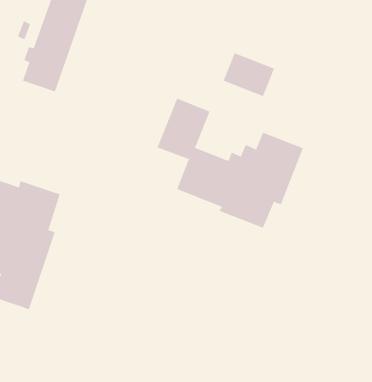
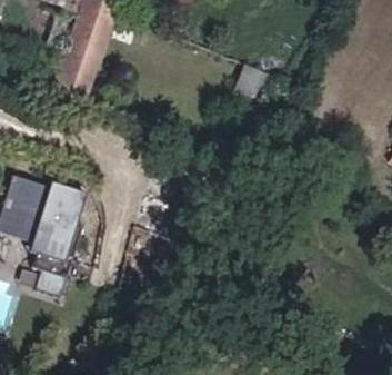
building: [157,98,303,229] -> none

